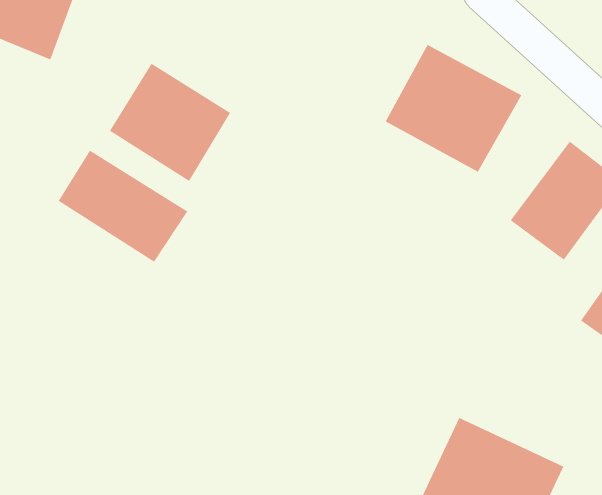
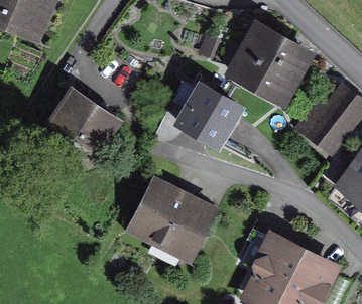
building: [109,63,231,182] -> none
building: none -> [182,90,240,147]
building: none -> [134,182,213,258]

